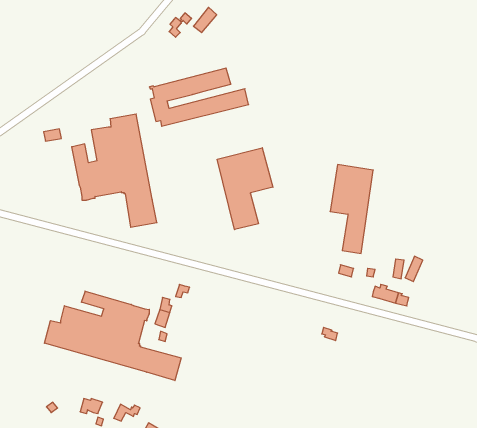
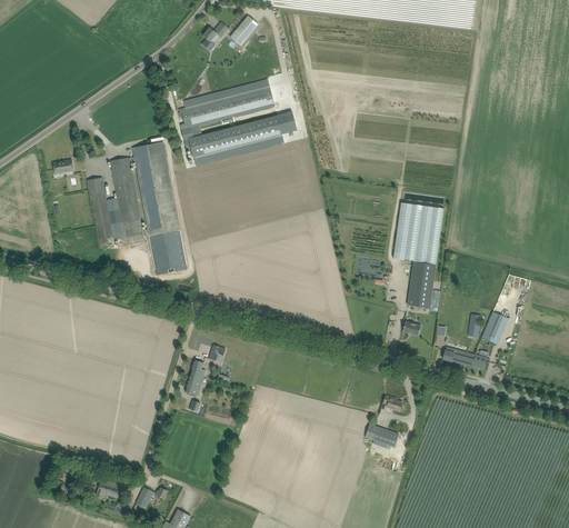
building: [217,148,273,230] -> none
building: [44,291,181,381] -> none
building: none -> [363,422,398,447]

